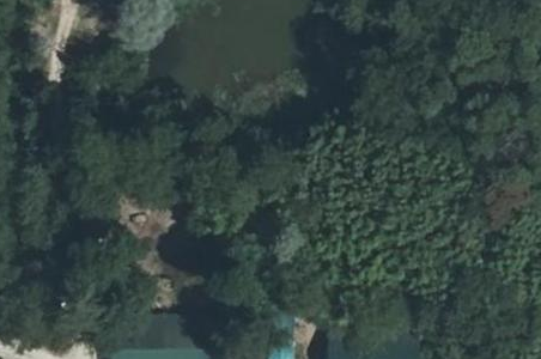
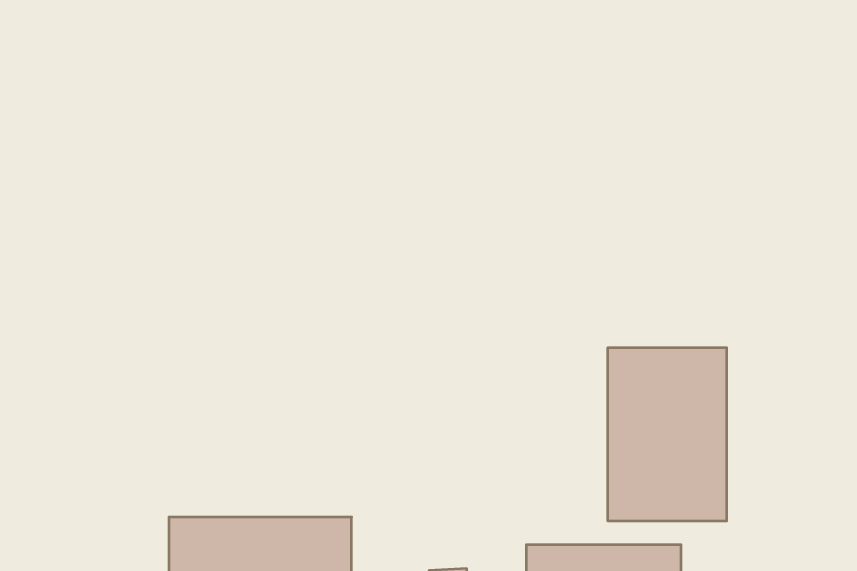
building: none -> [608,348,727,521]

